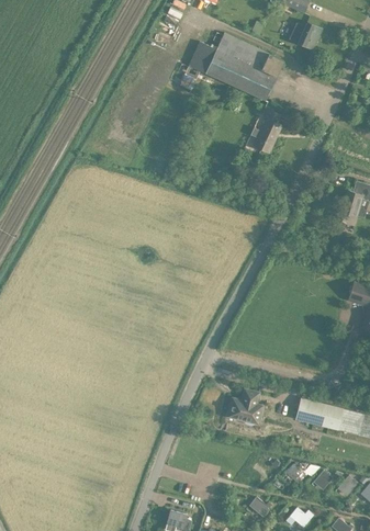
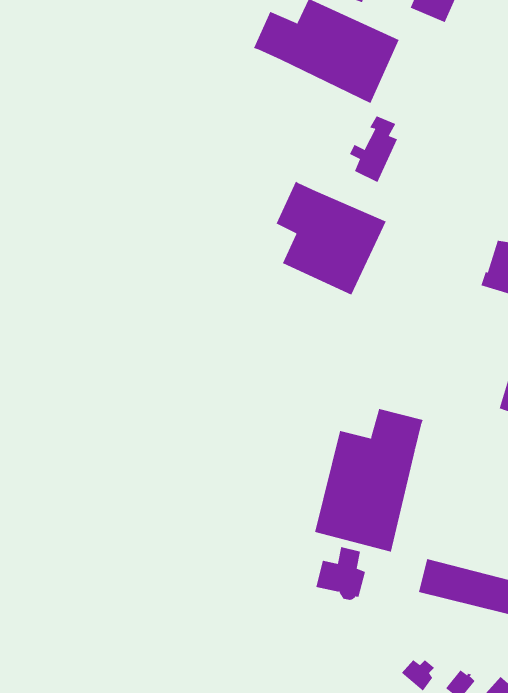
building: none -> [276,181,386,295]
building: none -> [314,408,424,553]

